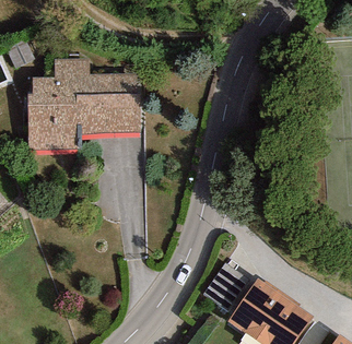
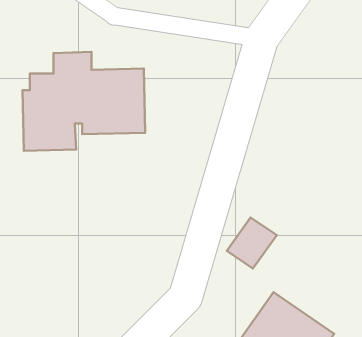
building: [203,263,249,310] -> [227,217,277,269]

